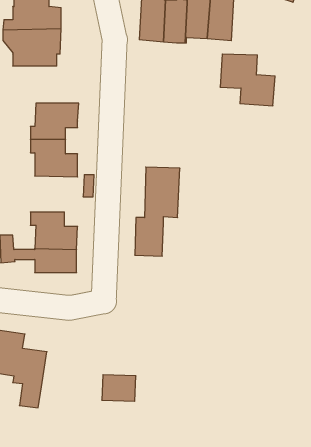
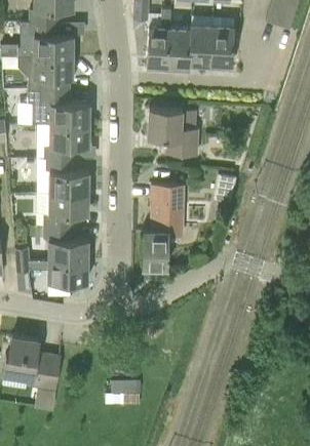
building: [220,54,275,106] -> [147,108,198,156]
building: none -> [28,89,89,124]
building: none -> [44,192,88,226]

